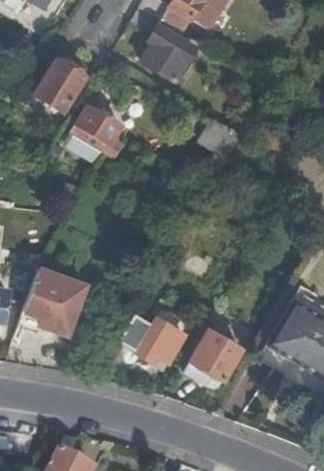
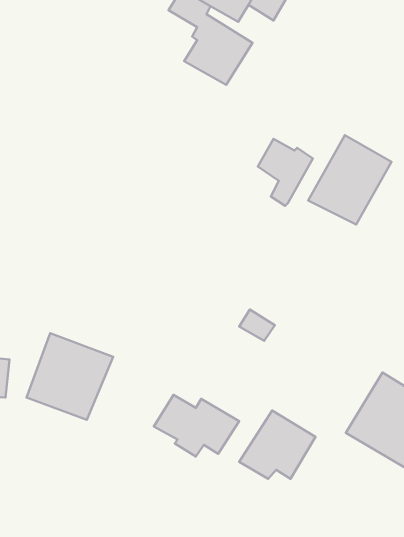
building: [38,60,85,111] -> none
building: [71,104,120,157] -> none
building: none -> [308,135,391,224]

